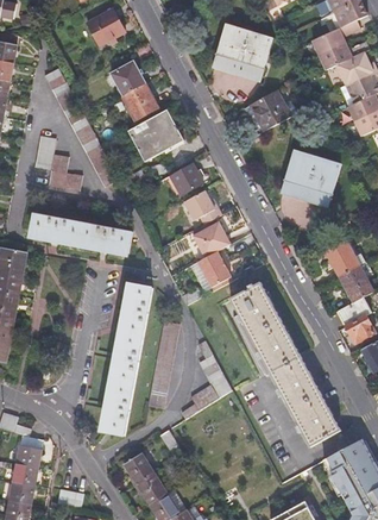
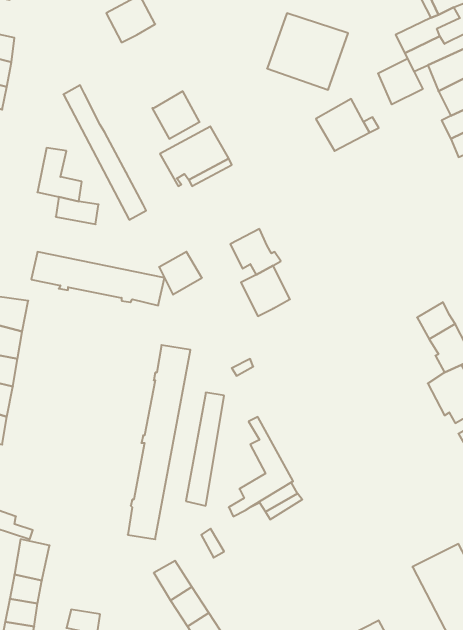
building: none -> [378,58,423,104]
building: [112,63,146,99] -> none
building: [281,150,341,209] -> none
building: [172,164,206,198] -> [159,252,202,295]
building: [197,255,232,294] -> none
building: [231,280,341,445] -> none

